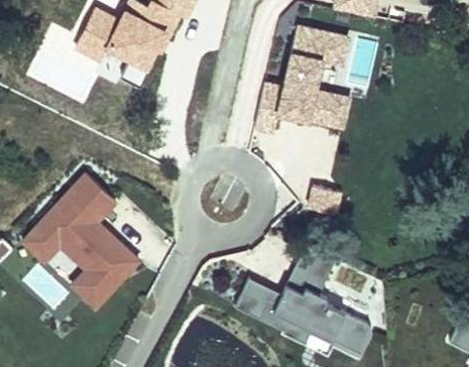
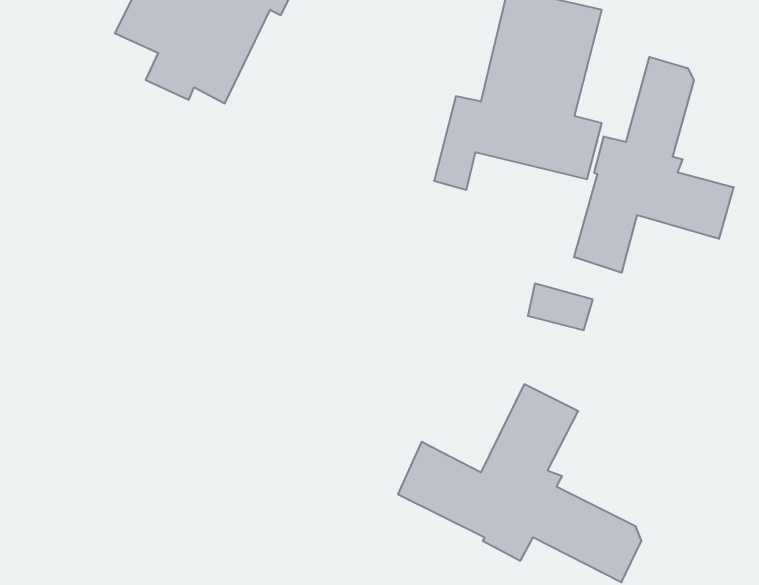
building: none -> [574,57,734,273]
building: [22,172,138,304] -> none

